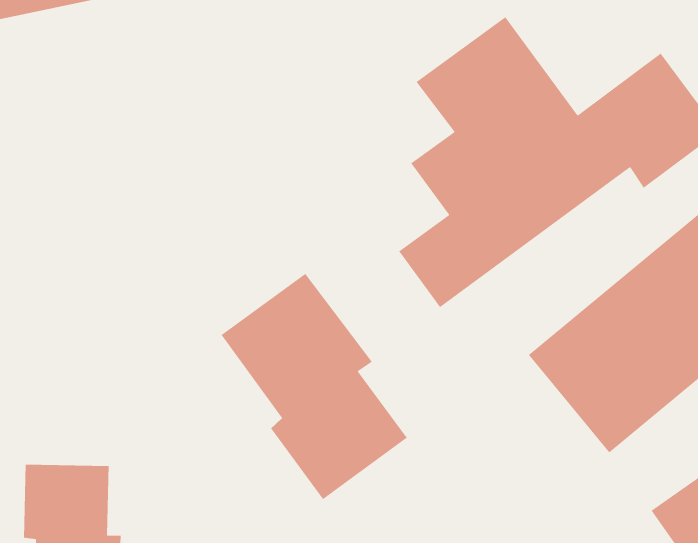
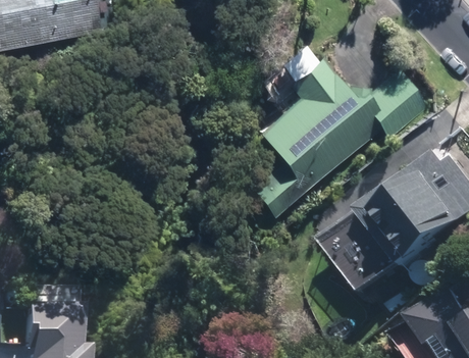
building: [220,273,408,500] -> none

